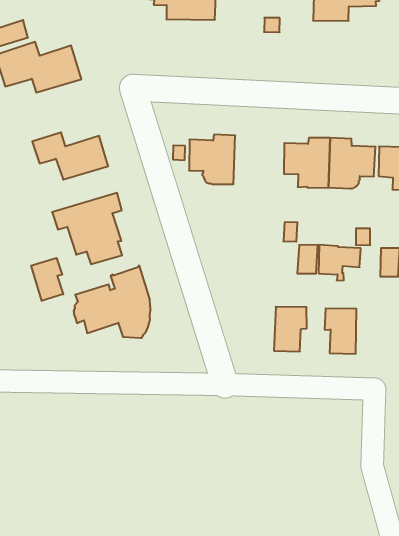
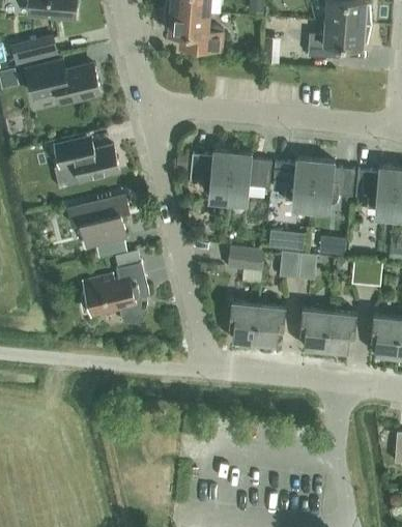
building: none -> [228,152,271,198]
building: none -> [228,246,263,271]
building: [31,258,63,301] -> none
building: none -> [229,301,258,343]
building: none -> [325,311,356,352]

